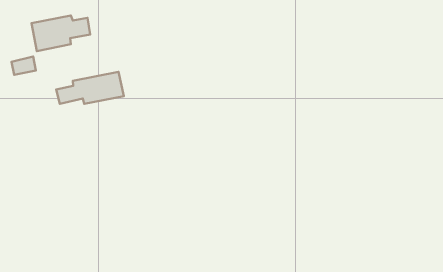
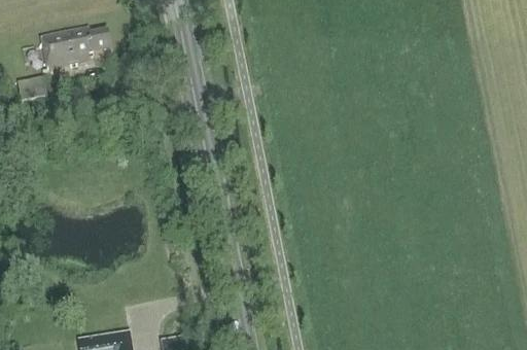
building: [56,72,124,104] -> none

